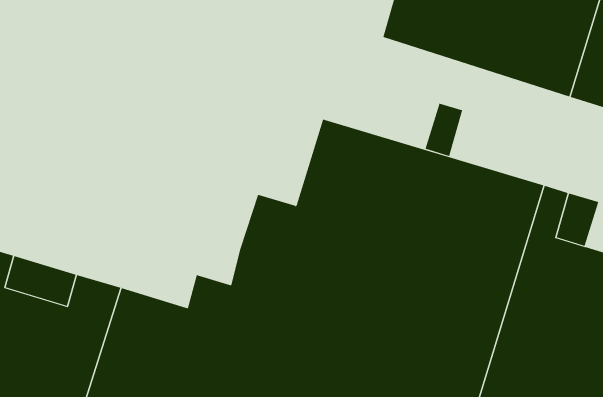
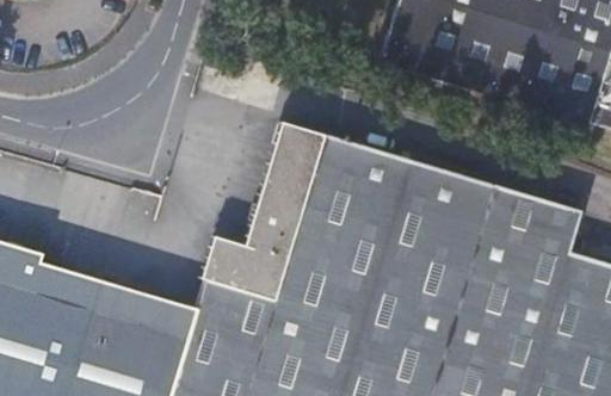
building: [425,103,463,157] -> none
building: none -> [263,120,323,212]
building: none -> [205,245,246,286]

